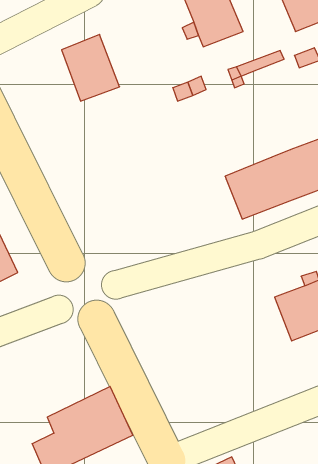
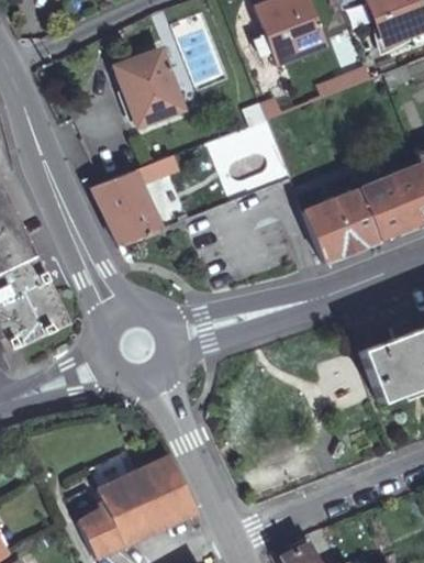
building: none -> [90,161,160,246]

